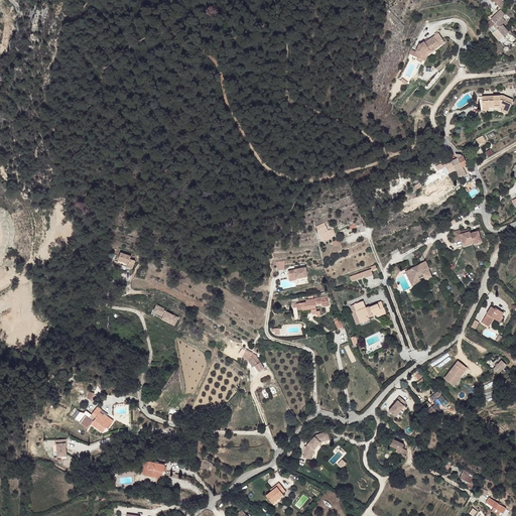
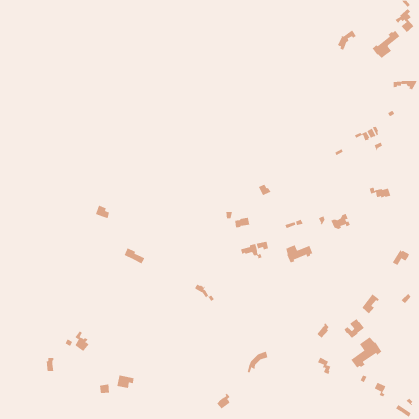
building: none -> [372,30,400,59]
building: none -> [351,336,382,369]

